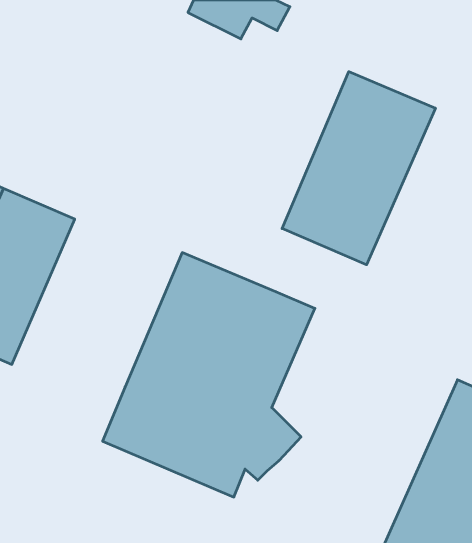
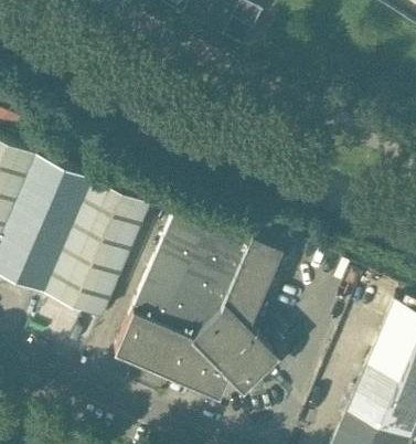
building: [282,72,435,265] -> none
building: none -> [41,179,148,319]

